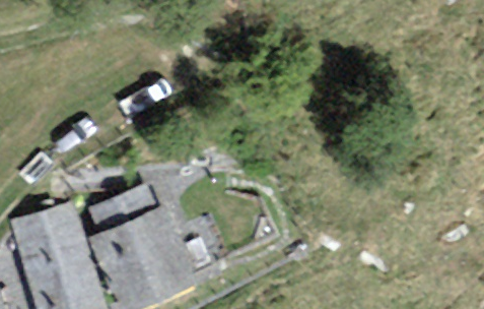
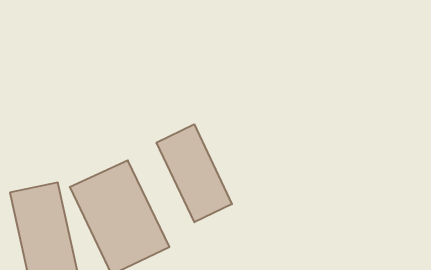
building: none -> [157,124,232,222]

